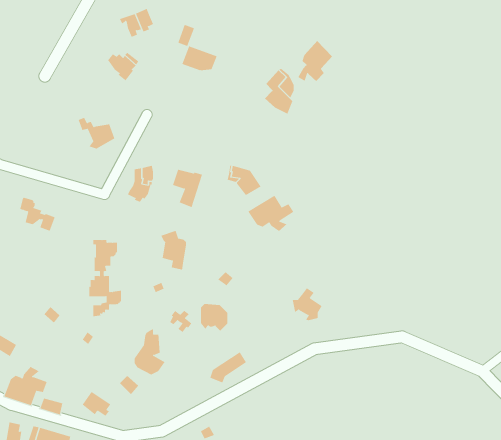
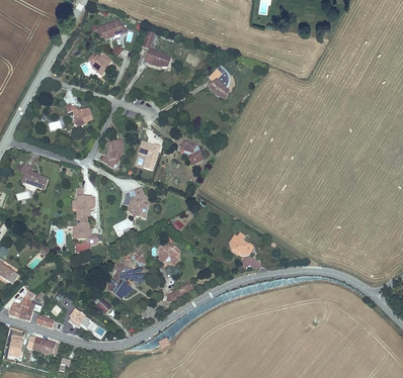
building: [298,40,333,82] -> none
building: [248,195,294,232] -> none

